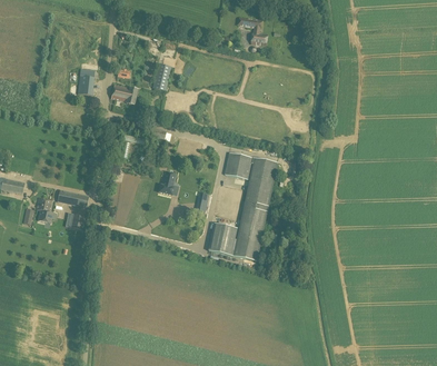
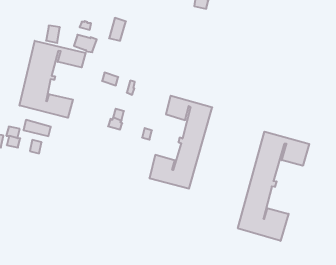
building: none -> [20,41,86,118]
building: none -> [238,132,309,241]

